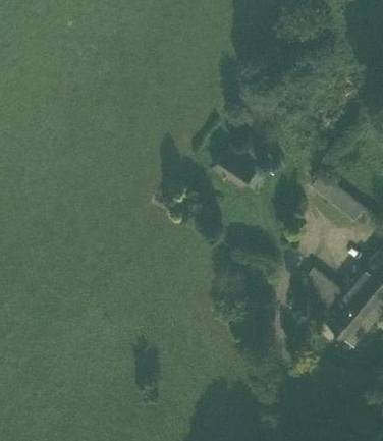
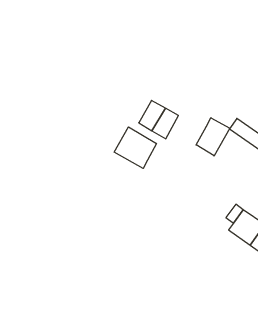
building: none -> [196,118,230,156]
building: none -> [114,127,156,168]

